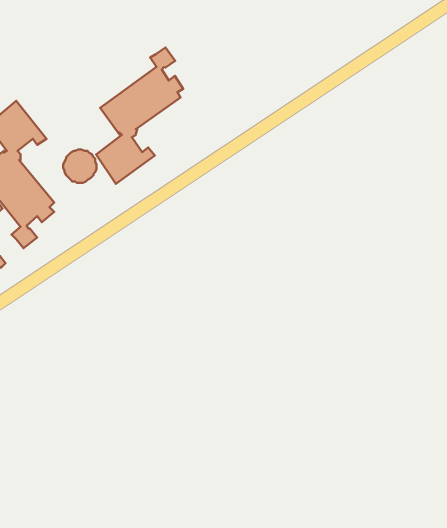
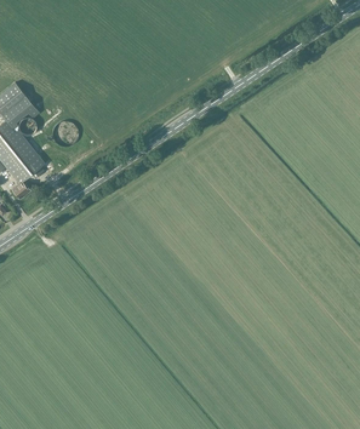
building: [96,47,183,184] -> none

